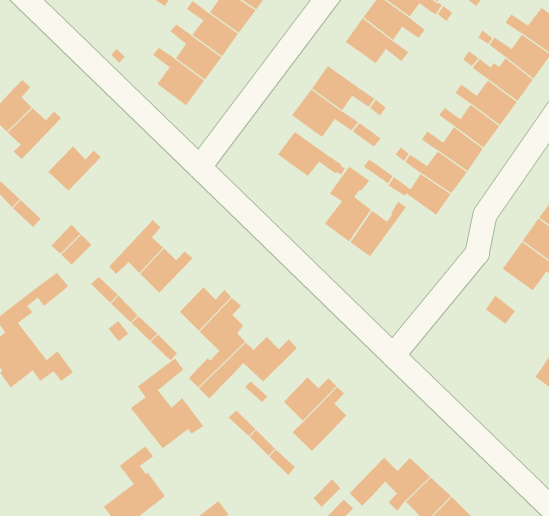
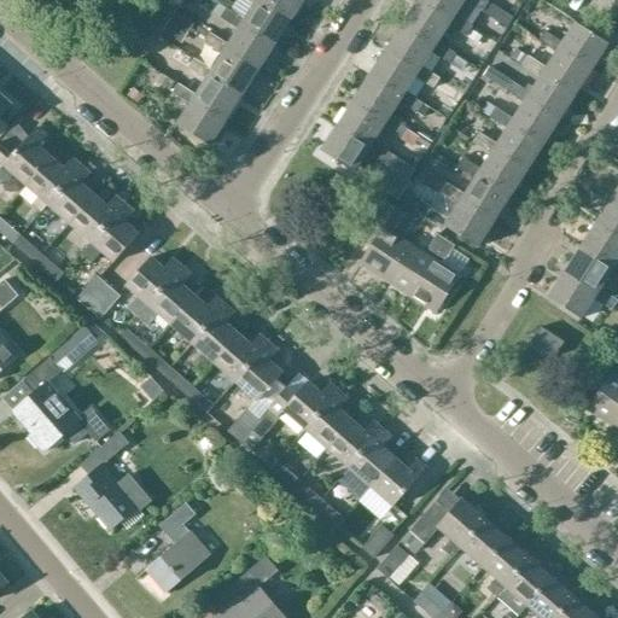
building: none -> [47,165,94,222]
building: [277,131,346,177] -> [355,70,427,117]
building: none -> [82,204,139,262]
building: none -> [410,239,457,309]
building: none -> [127,257,181,317]
building: none -> [192,304,238,361]
building: none -> [305,392,351,449]
building: [130,357,204,449] -> [74,431,152,527]
building: none -> [371,460,427,507]

